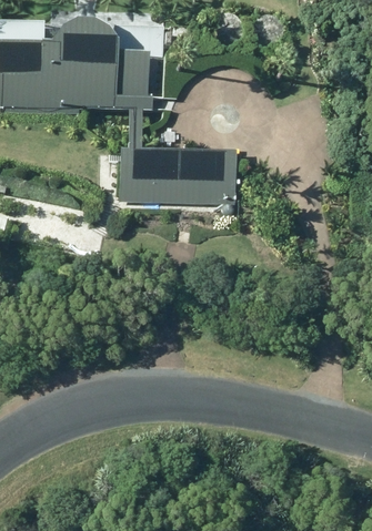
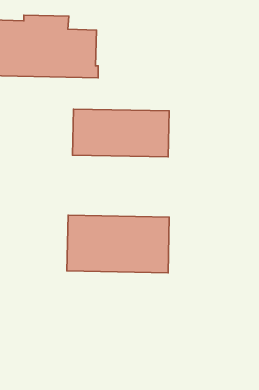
building: none -> [67,215,169,273]

